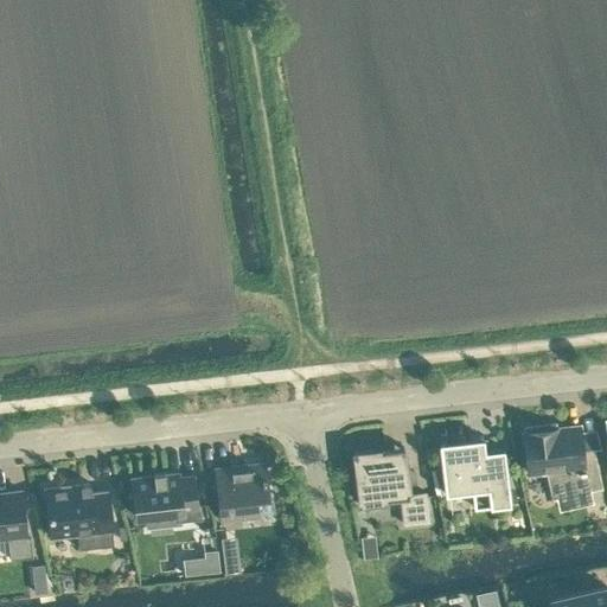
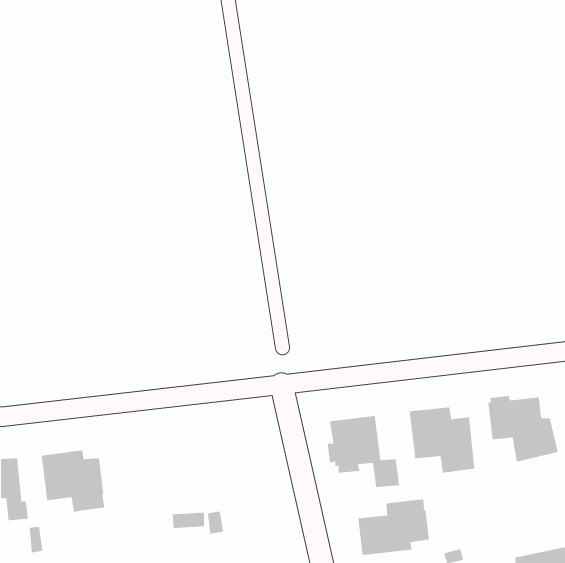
building: [216,465,275,520] -> none
building: [128,473,202,530] -> none
building: none -> [358,499,429,556]

